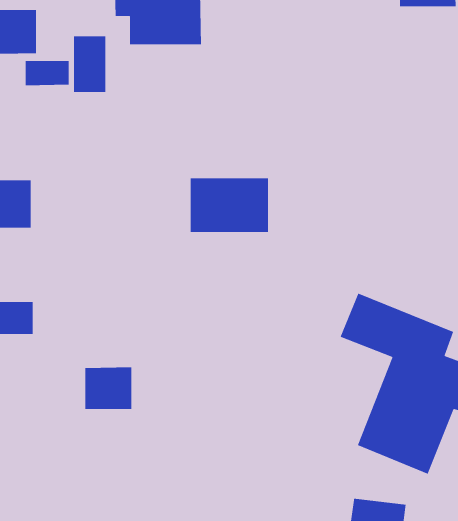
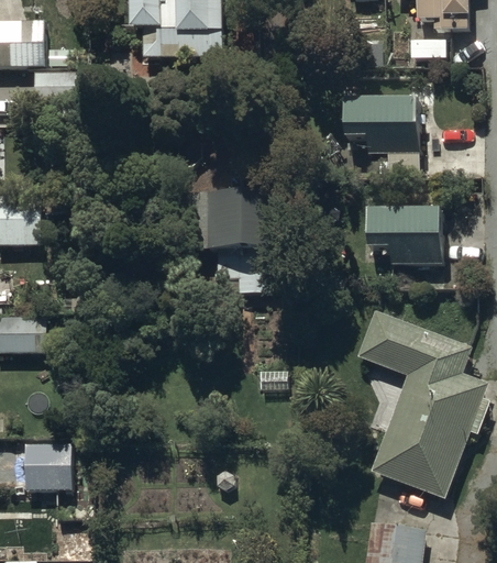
building: [73,35,106,93] -> none
building: none -> [343,98,420,153]
building: none -> [366,210,442,265]
building: [85,366,132,410] -> [23,442,71,486]

